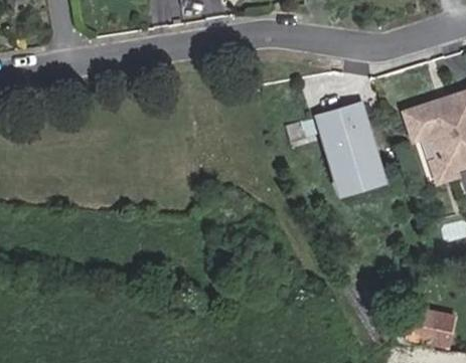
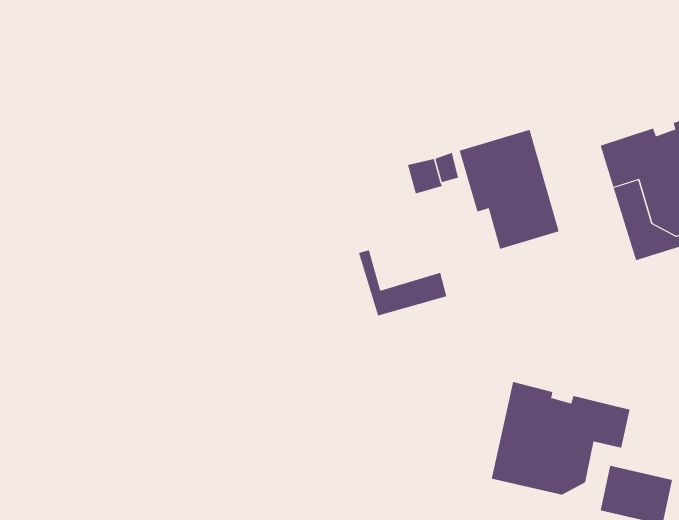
building: [329,150,384,191] -> [358,250,447,316]
building: none -> [491,381,630,496]

